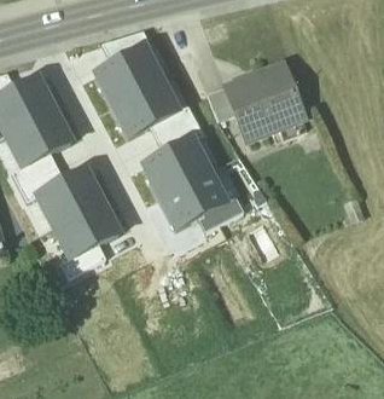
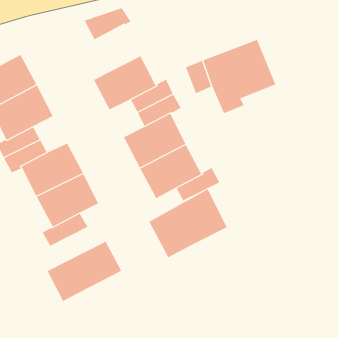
building: [95,47,162,105] -> none
building: none -> [148,189,228,258]
building: none -> [47,241,123,302]

